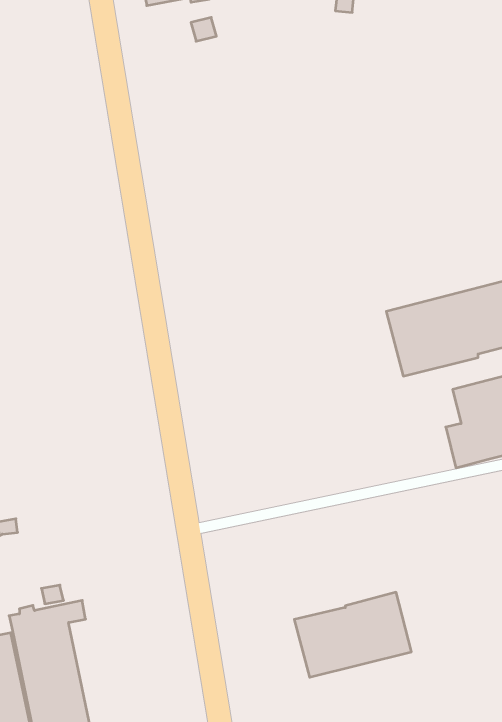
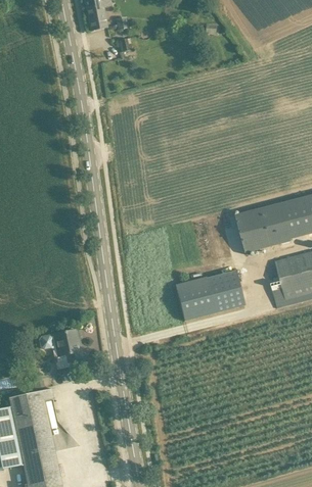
building: none -> [39,329,82,369]
building: [294,592,411,677] -> [175,269,246,320]

